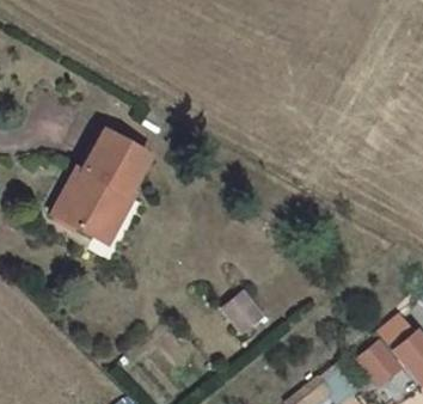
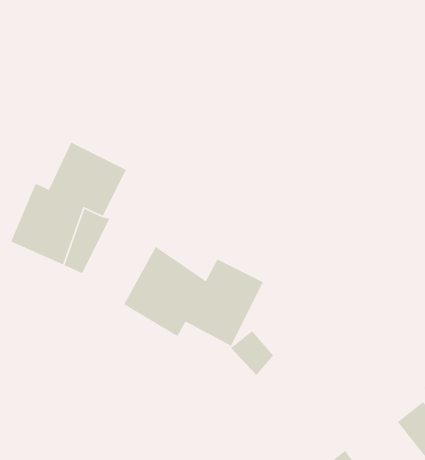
building: none -> [123,246,264,347]

